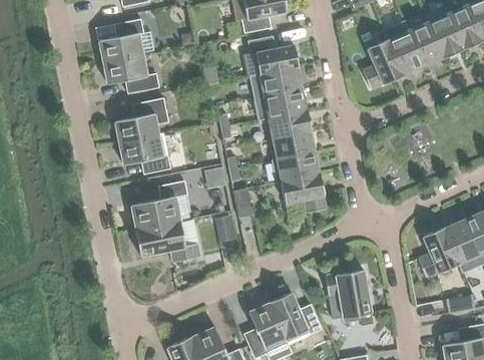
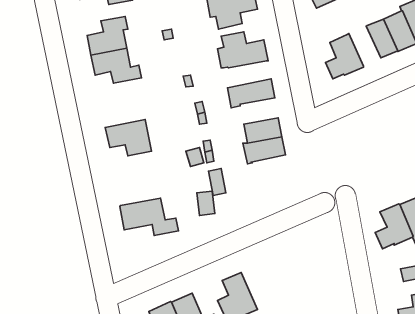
building: [383,20,424,74] -> none
building: [250,68,303,98] -> none
building: [115,98,168,142] -> none
building: [269,108,312,138] -> none
building: [281,172,327,213] -> none
building: [131,181,187,229] -> none
building: [325,269,373,326] -> none
building: [269,292,322,344] -> none

